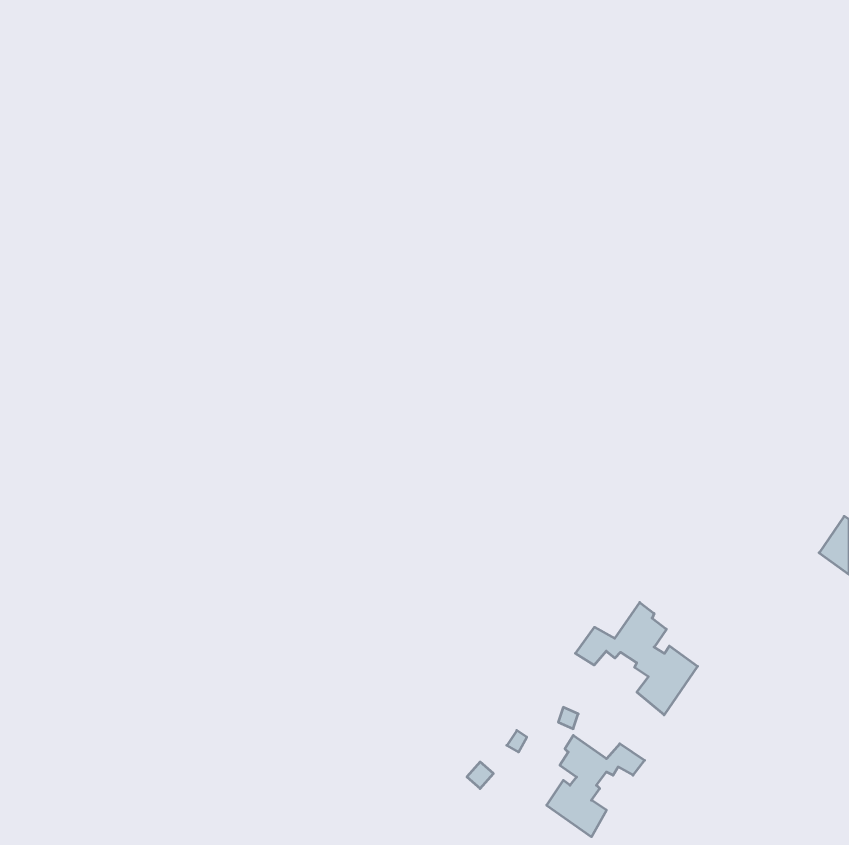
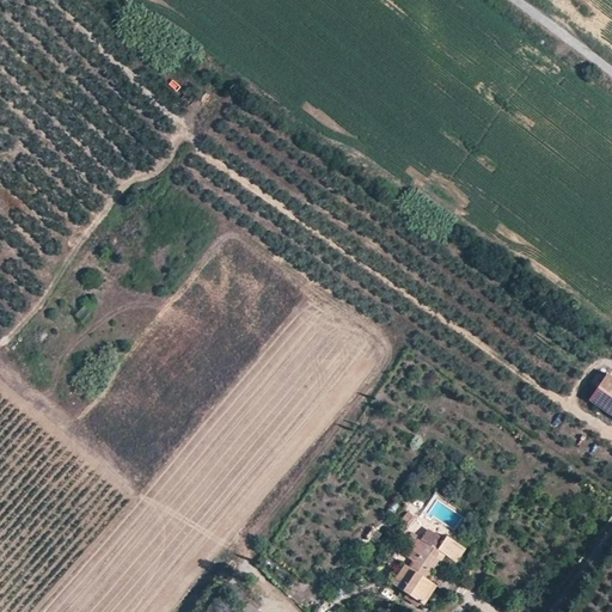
building: [575,602,698,715] -> none

